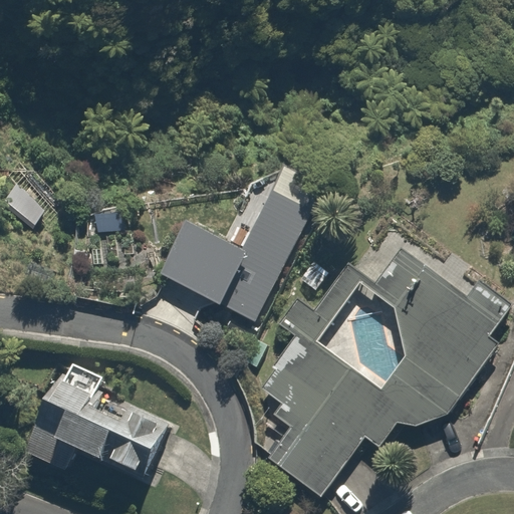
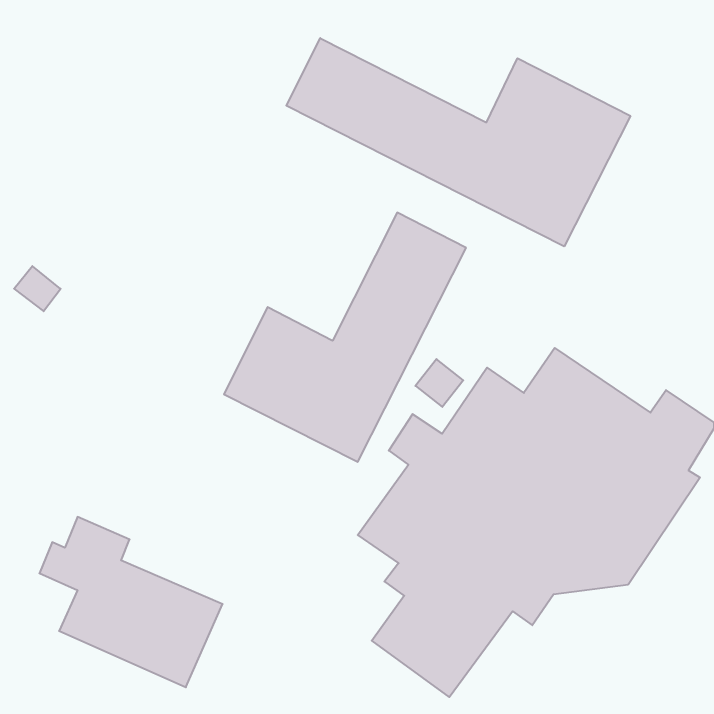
building: none -> [286,38,630,246]

